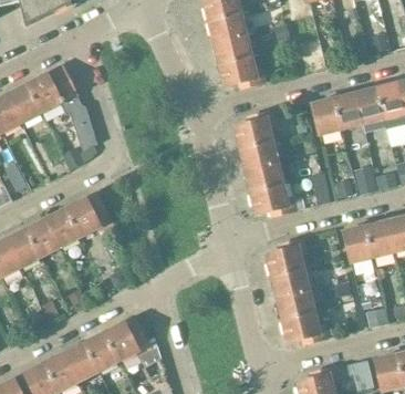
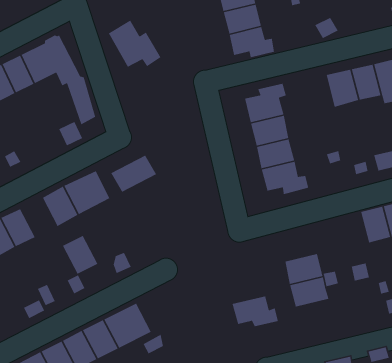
building: none -> [108,19,161,68]
building: none -> [110,155,157,193]
building: [25,218,60,256] -> [62,235,99,275]
building: [266,238,305,278] -> none
building: [282,313,326,343] -> [232,295,279,327]

